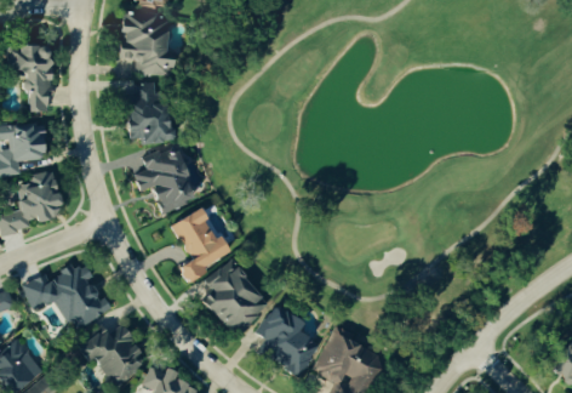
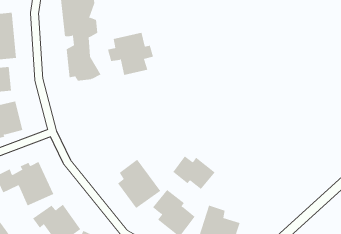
building: [135,147,204,211] -> [107,32,154,76]
building: [172,210,231,280] -> none
building: none -> [172,155,215,190]

